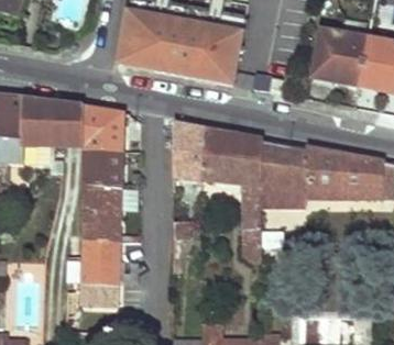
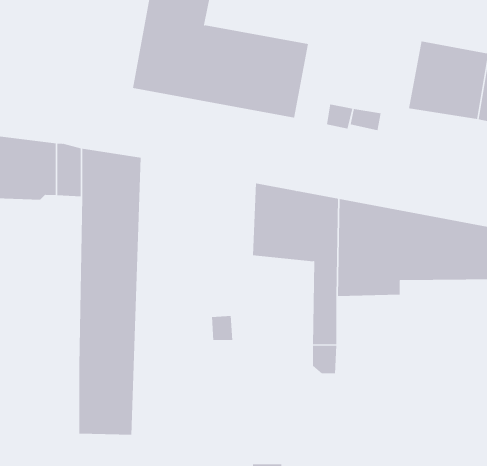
building: [173,123,204,179] -> none

